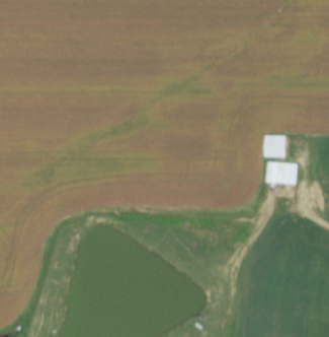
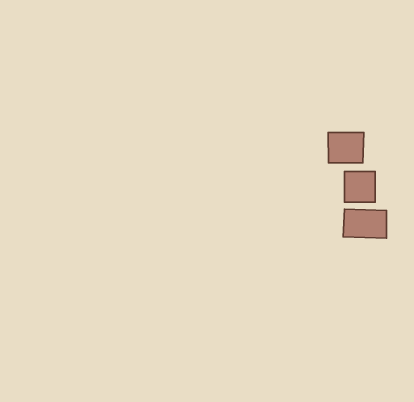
building: none -> [328,132,364,163]

